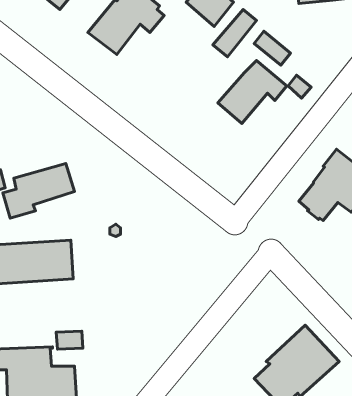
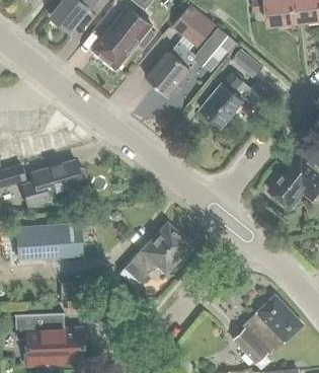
building: none -> [147,42,200,96]
building: none -> [119,224,190,288]

